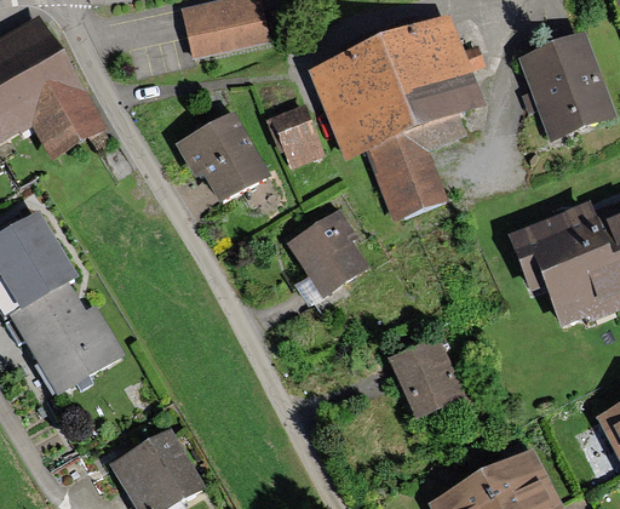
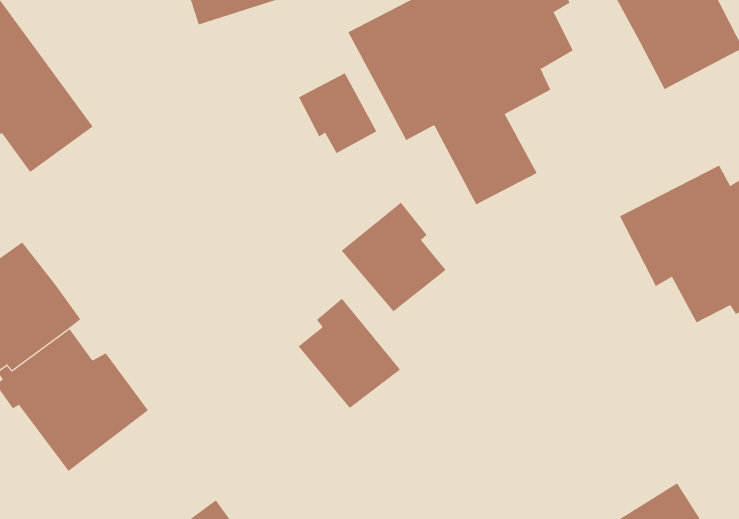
building: [174,110,269,204] -> none
building: none -> [298,298,401,409]
building: [388,334,467,419] -> none

